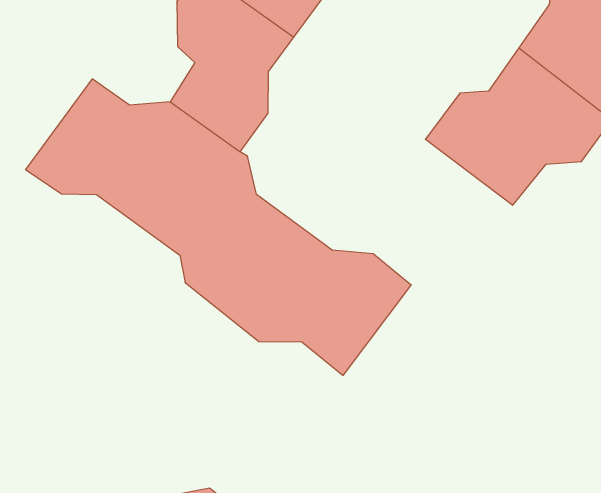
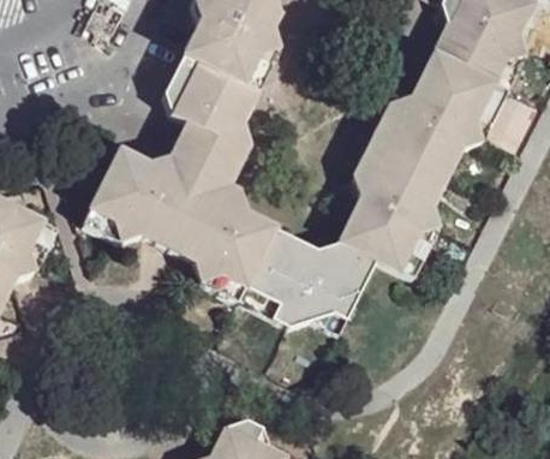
building: none -> [346,143,441,269]

